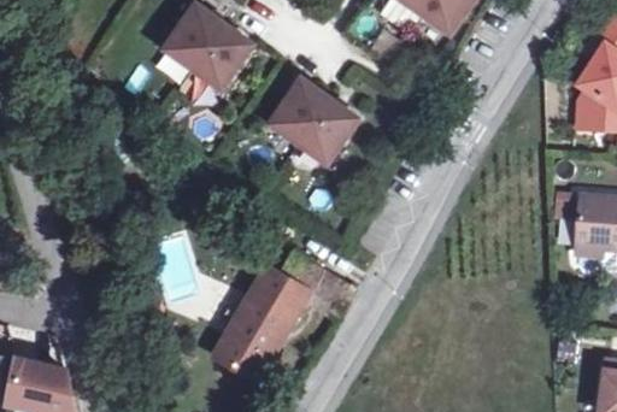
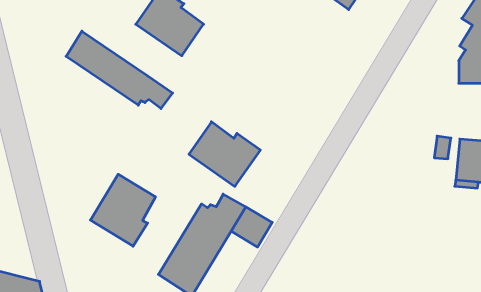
building: none -> [66,31,173,109]
building: [283,88,371,167] -> [189,122,260,186]
building: none -> [90,174,155,246]

